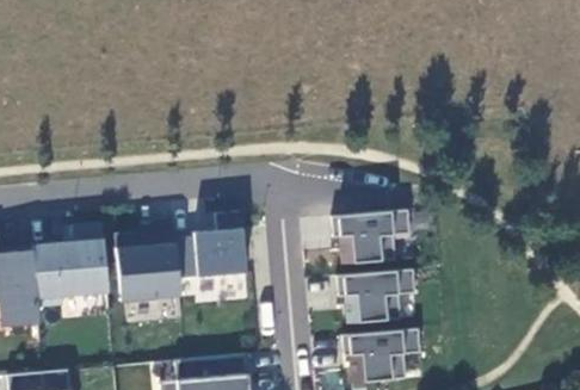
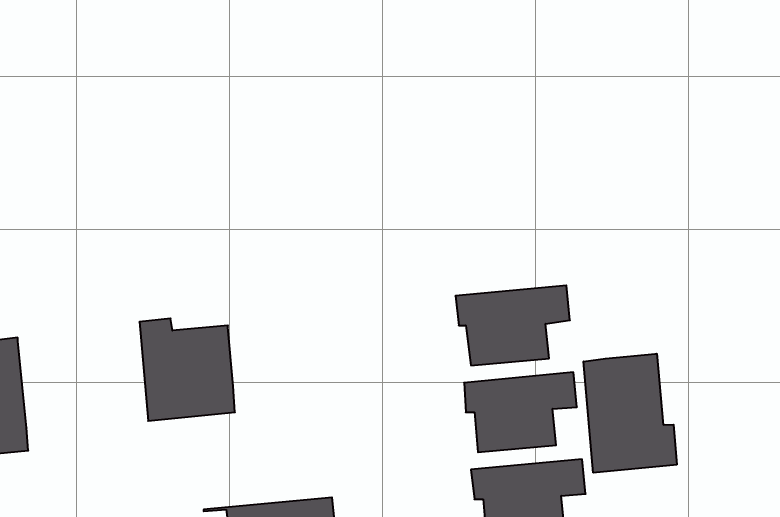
building: [177,211,247,278] -> none
building: [32,223,109,307] -> none
building: none -> [584,354,677,473]

